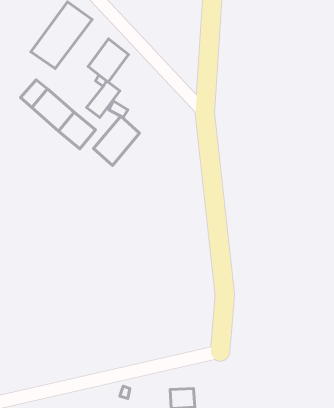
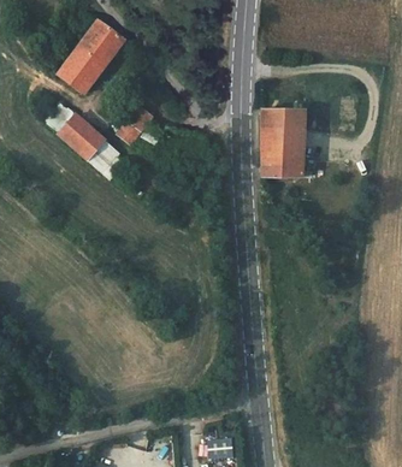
building: [88,39,128,82] -> none
building: none -> [261,110,303,177]
building: [94,116,140,166] -> none

